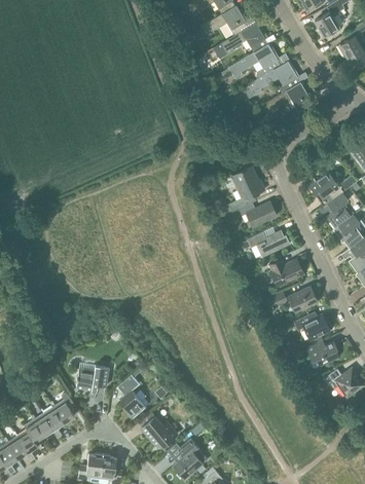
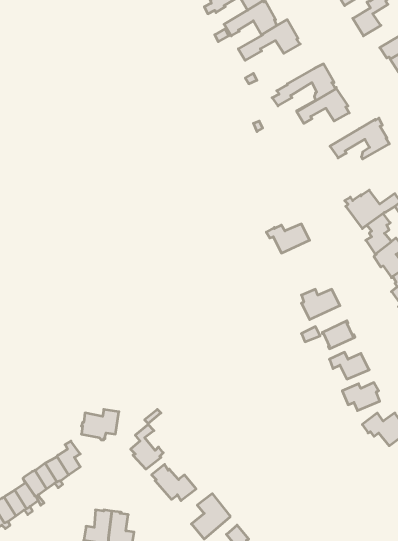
building: [228,42,281,78] -> [330,118,389,159]
building: [223,166,264,213] -> none
building: [241,230,290,257] -> none

